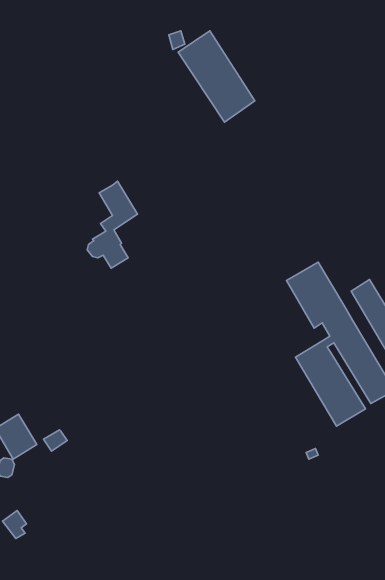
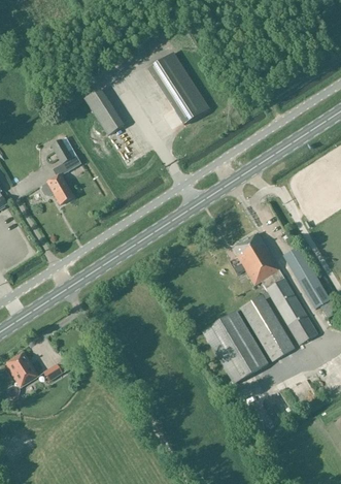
building: none -> [87,89,124,134]
building: [87,181,137,268] -> [41,136,80,204]
building: none -> [202,312,269,385]

